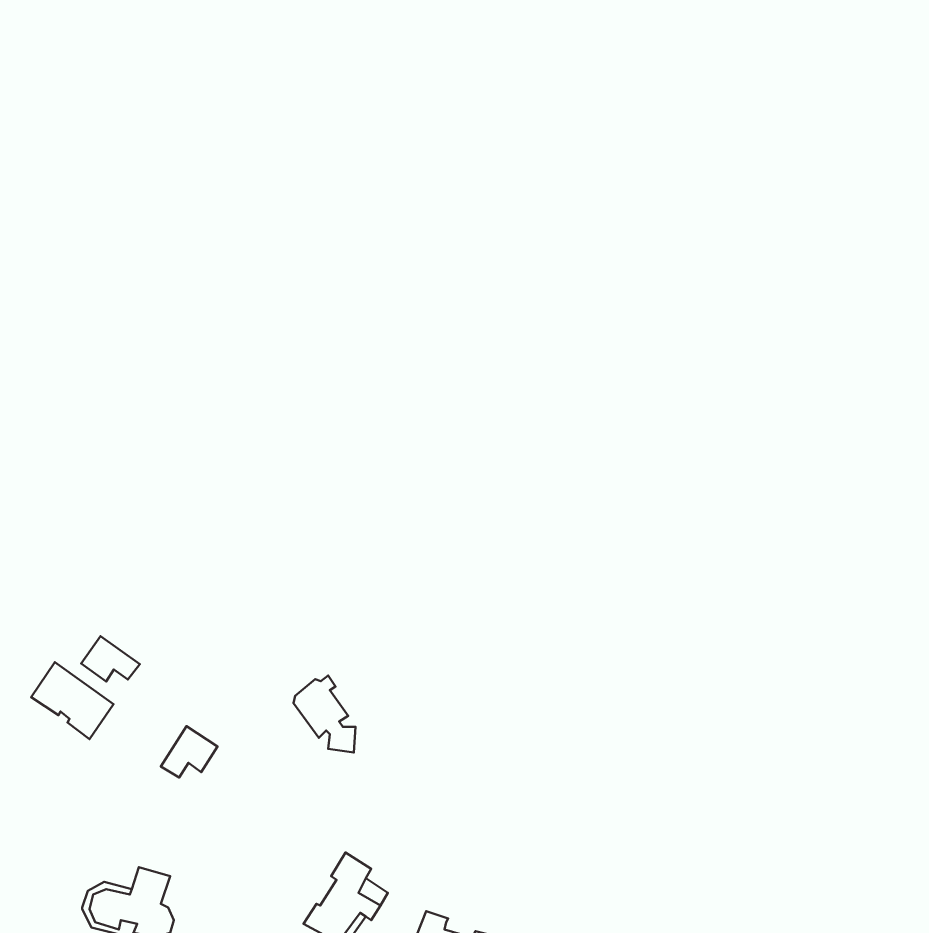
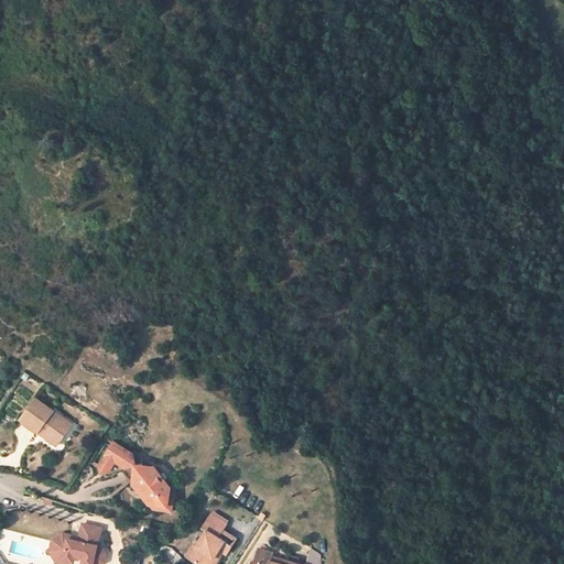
building: [81,636,140,681] -> none
building: [293,676,356,752] -> [133,465,171,511]

